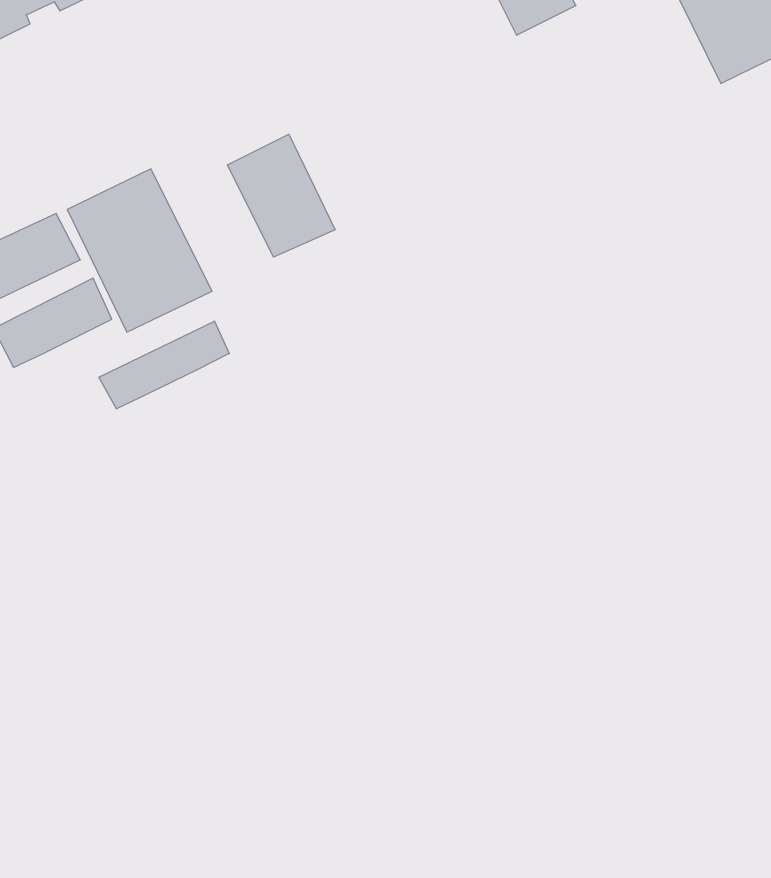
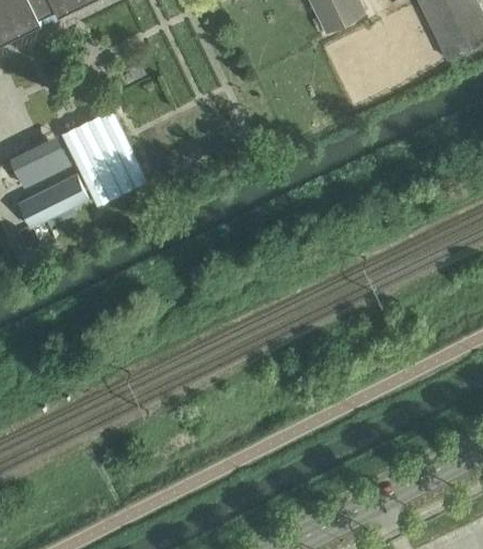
building: [228,134,335,257] -> none
building: [99,321,229,409] -> none

